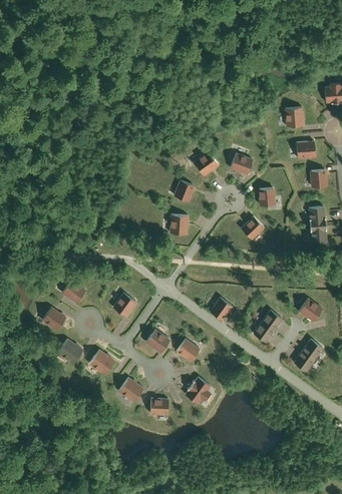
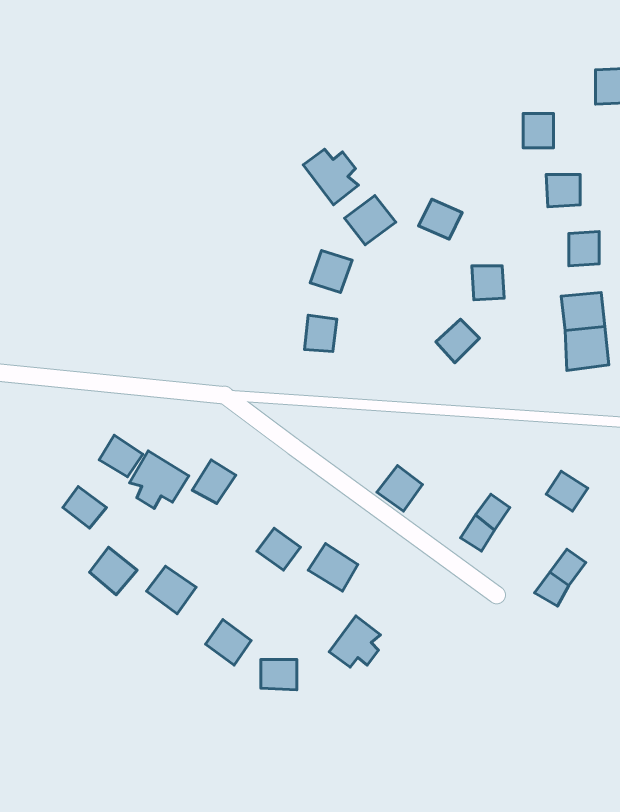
building: none -> [303,149,358,205]
building: none -> [129,451,189,508]

